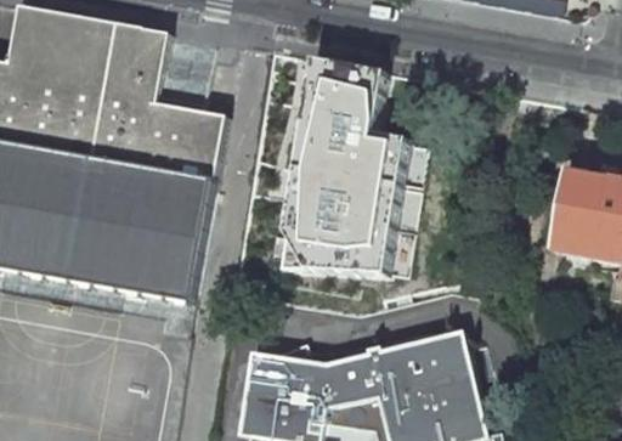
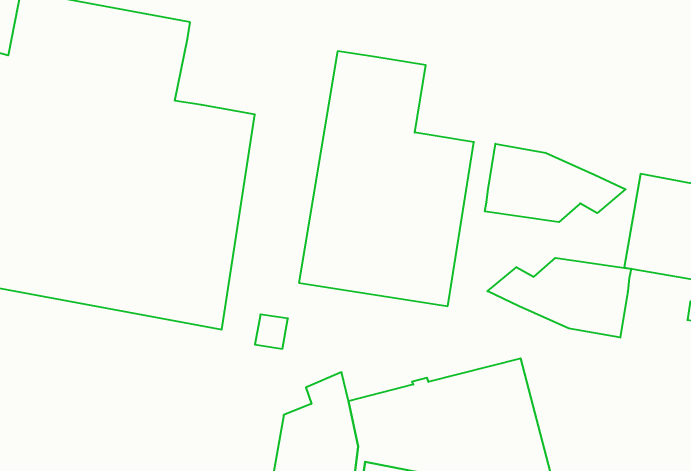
building: none -> [485,144,626,222]
building: none -> [487,258,631,338]

